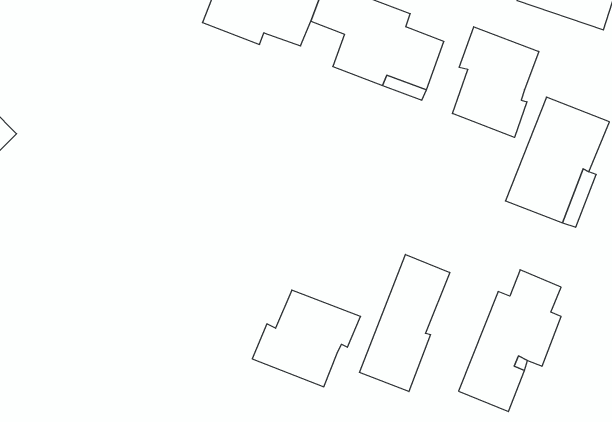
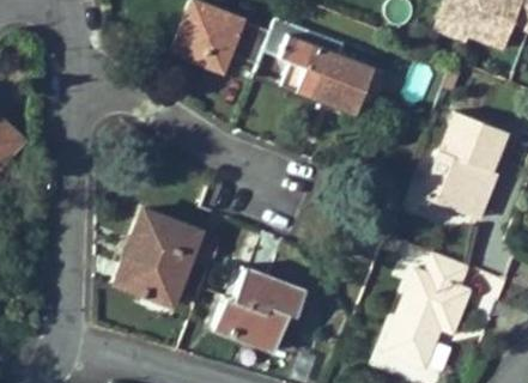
building: [452,27,539,137] -> none
building: none -> [119,209,221,300]
building: [359,254,450,392] -> none

